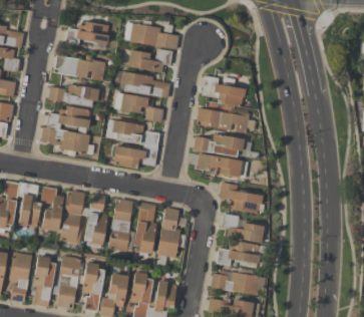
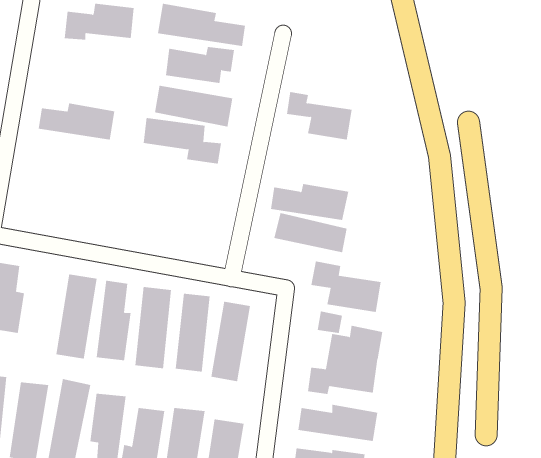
building: [55,54,105,80] -> none
building: [41,105,90,151] -> none
building: [196,106,249,132] -> none
building: [106,119,159,168] -> none
building: [41,187,63,231] -> none

